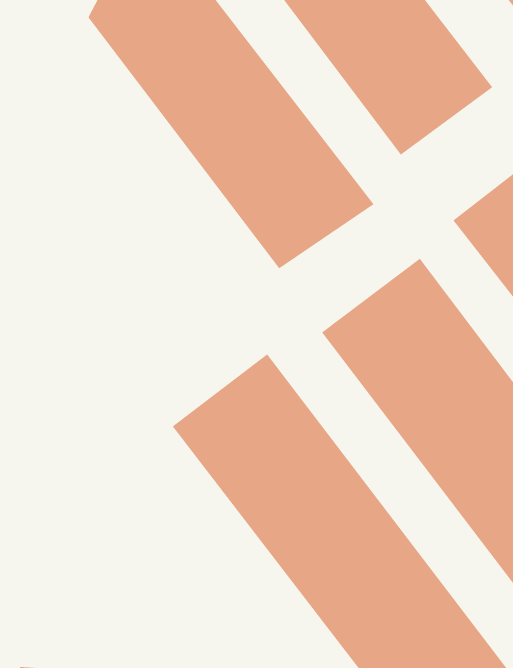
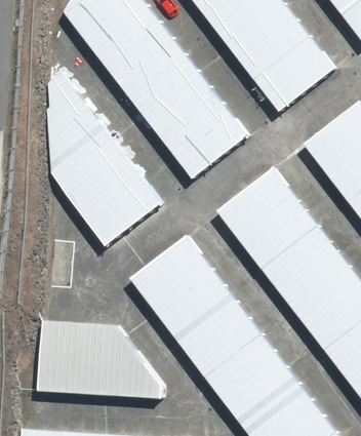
building: none -> [55,70,159,243]
building: none -> [33,320,168,397]

